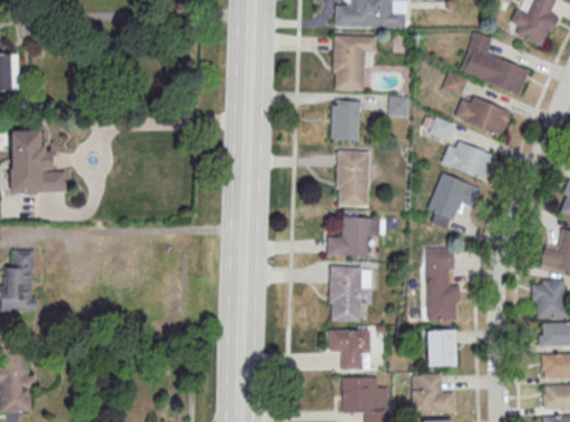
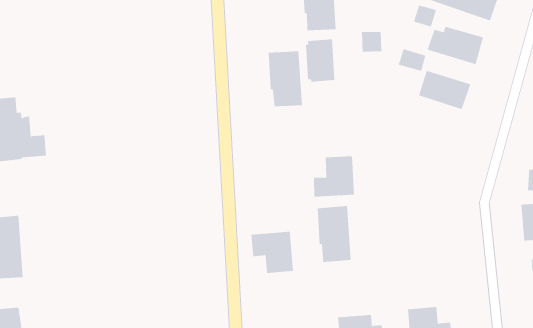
building: [337,150,370,206] -> [268,51,303,107]
building: [426,171,481,228] -> none
building: [425,247,456,320] -> none
building: [330,328,370,369] -> [251,231,294,273]
building: [426,330,456,365] -> none

